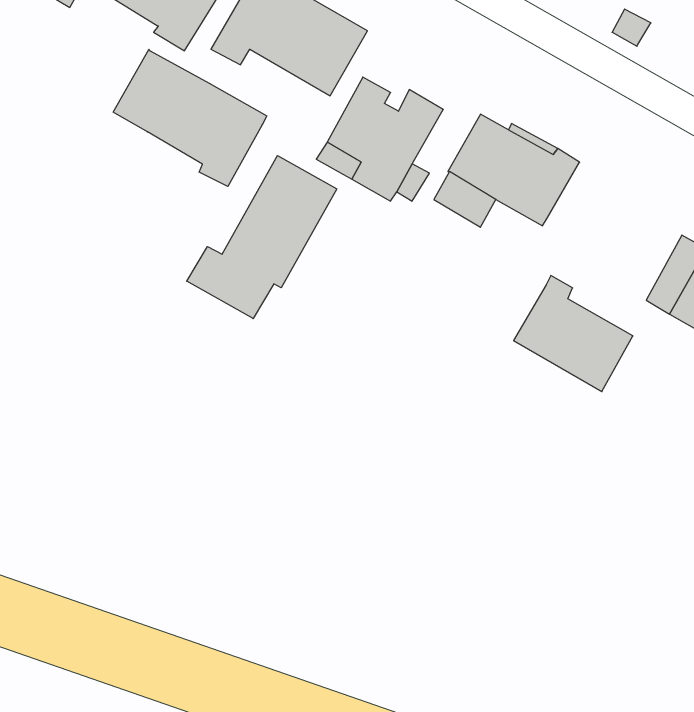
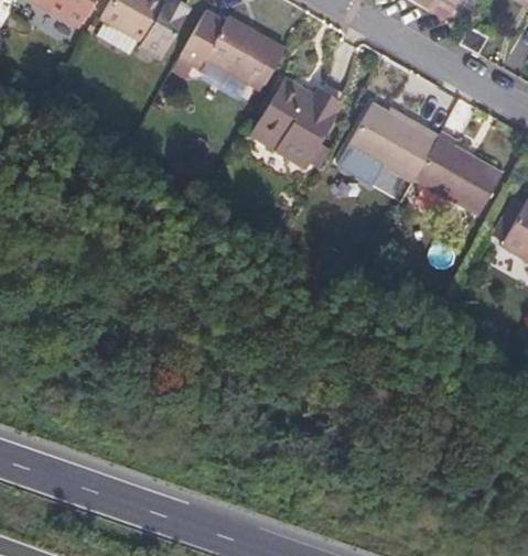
building: [113,49,267,186] -> none
building: [187,156,337,319] -> none
building: [514,276,633,392] -> [417,132,502,215]

